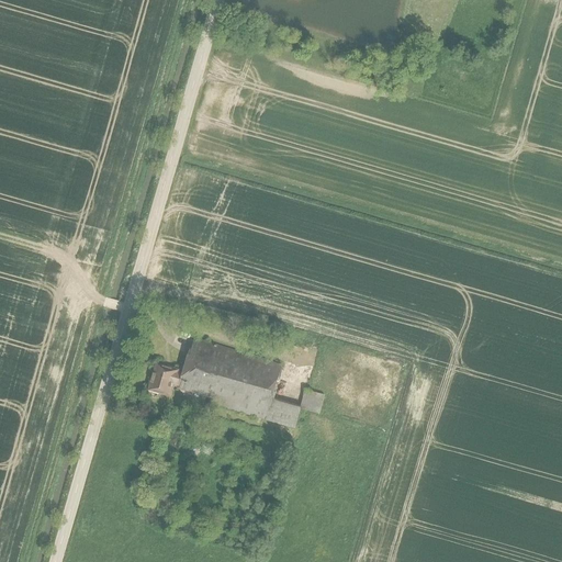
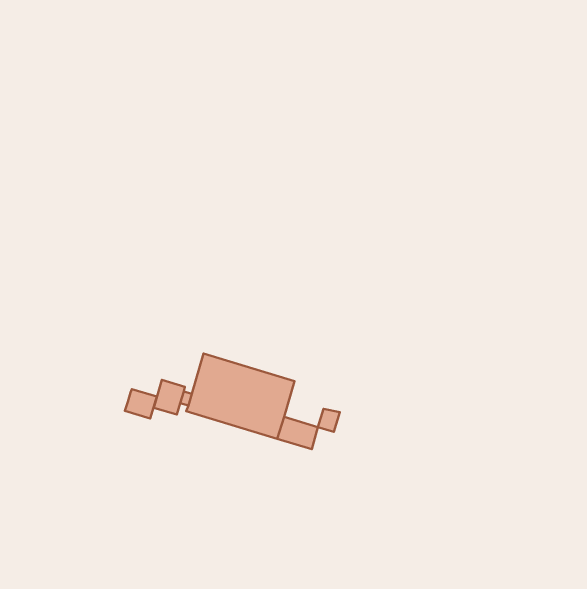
building: none -> [125,389,157,418]

